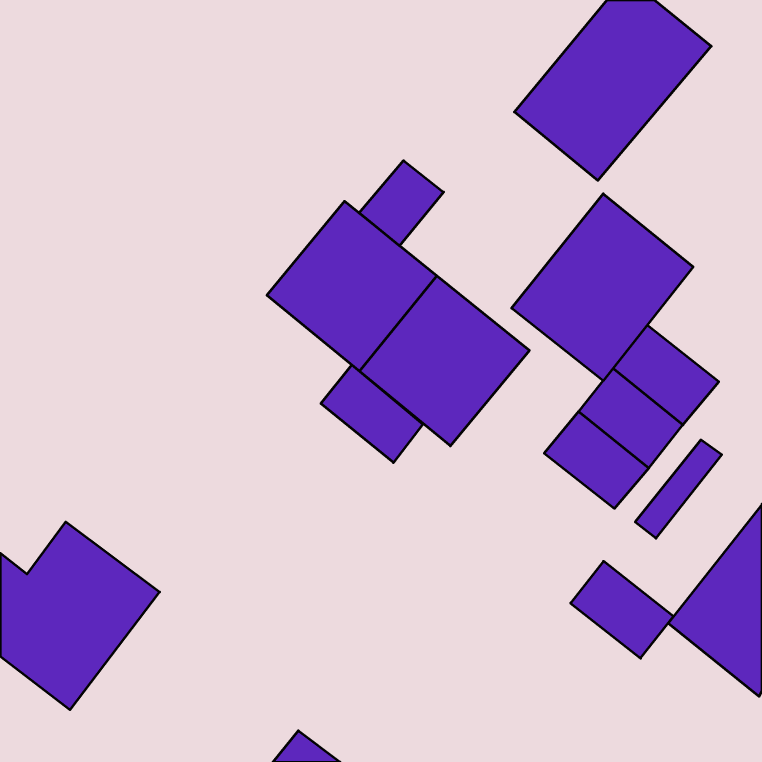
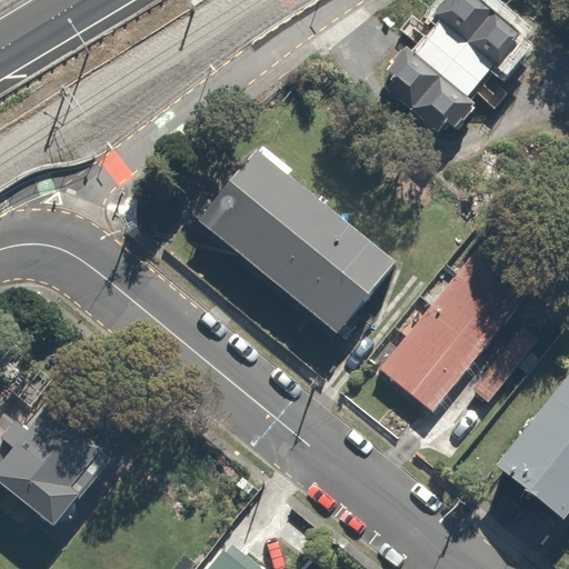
building: [359,161,444,246] -> none
building: [512,194,693,381] -> none
building: [321,365,423,463] -> none
building: [571,561,673,658] -> [381,338,458,410]

